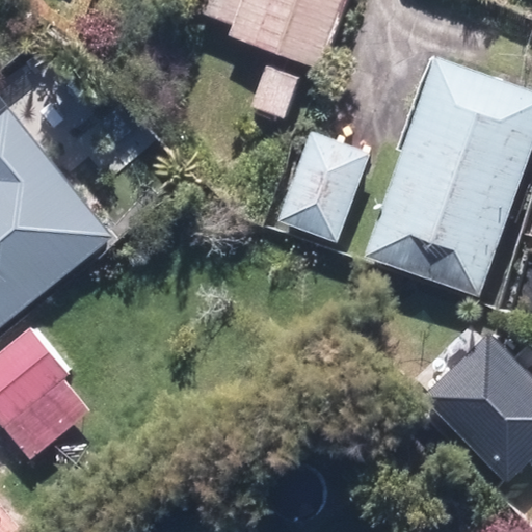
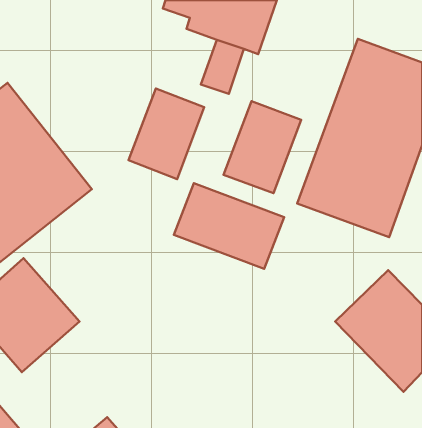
building: none -> [128,89,204,179]
building: none -> [174,183,284,269]

